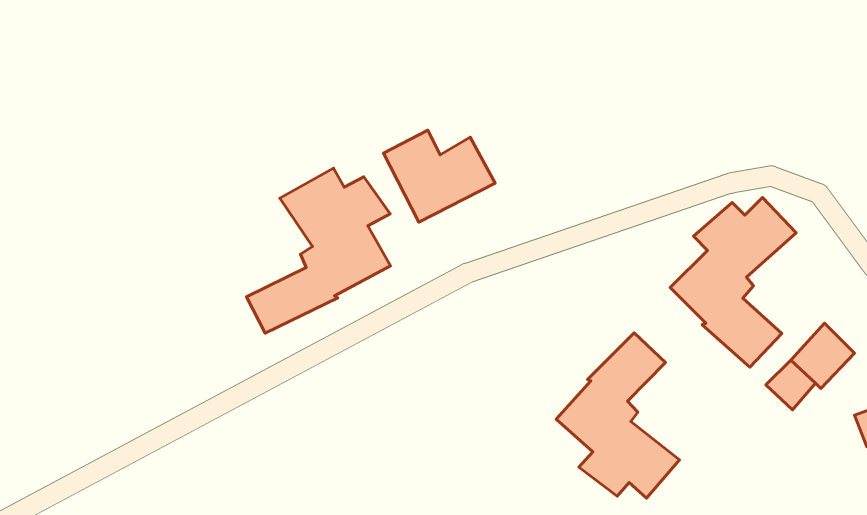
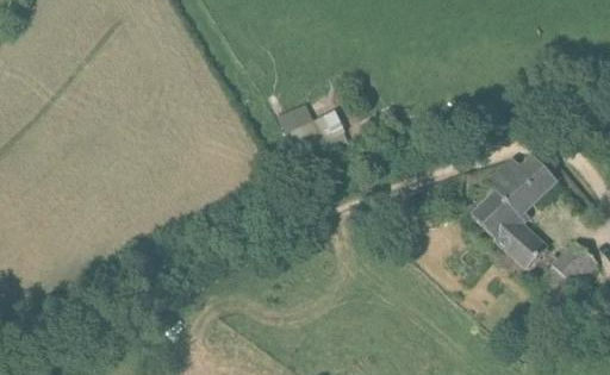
building: [246,168,390,333] -> none
building: [556,333,680,498] -> none

